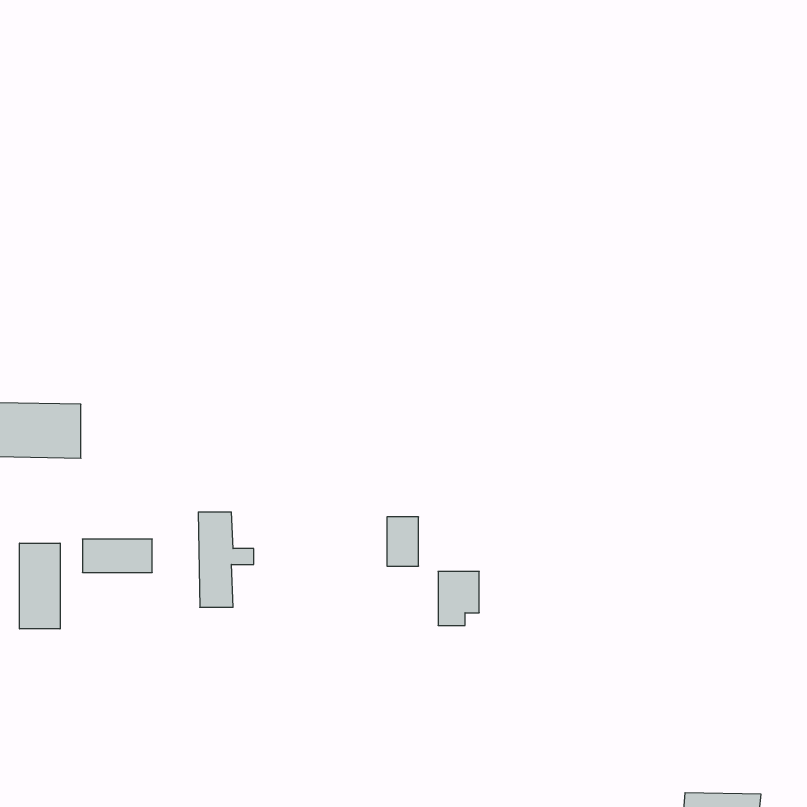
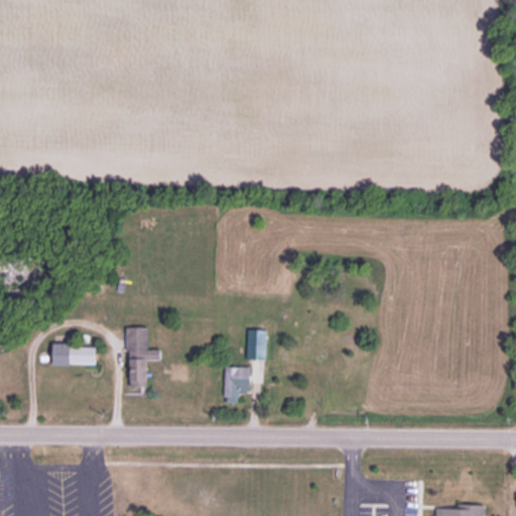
building: [20,543,60,629] -> none
building: [438,571,479,625] -> [224,368,250,402]

